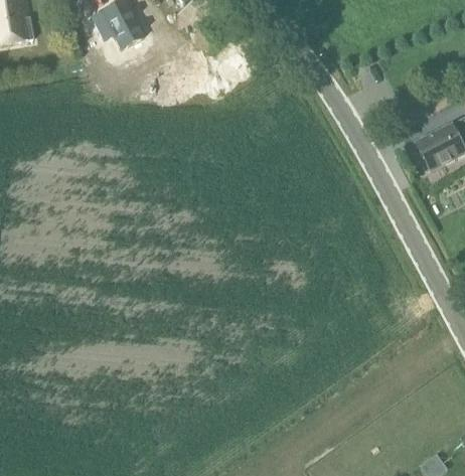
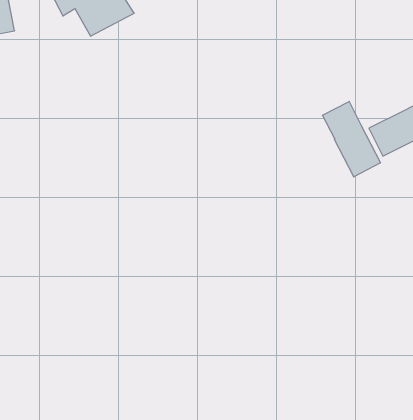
building: none -> [322,101,380,177]

